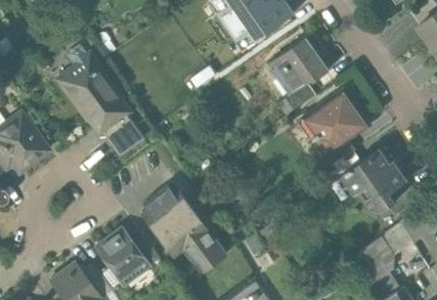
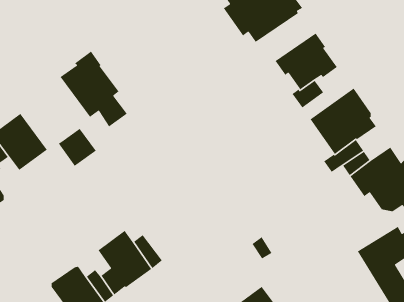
building: [103,116,141,154] -> [58,128,97,167]
building: [141,185,227,269] -> none

